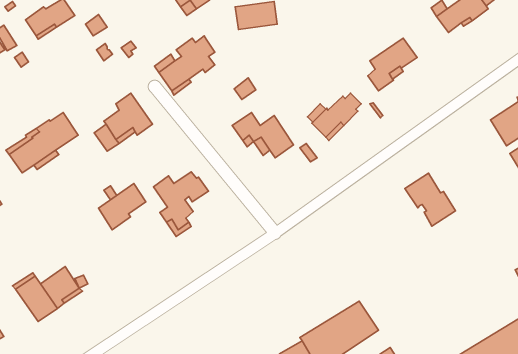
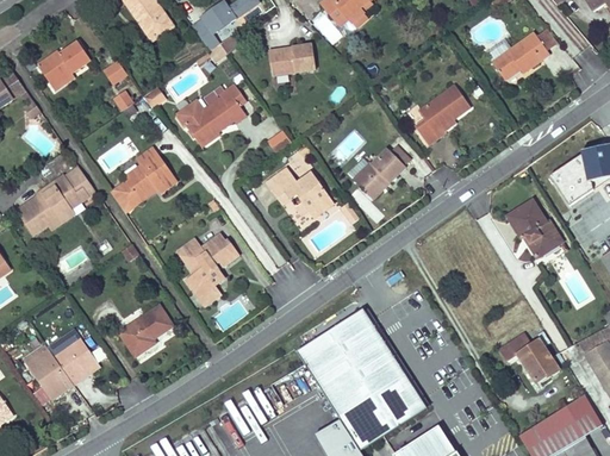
building: [405,173,455,226] -> [506,200,562,258]
building: [98,184,146,230] -> [119,305,172,356]
building: none -> [300,311,406,417]
building: none -> [499,335,559,386]

